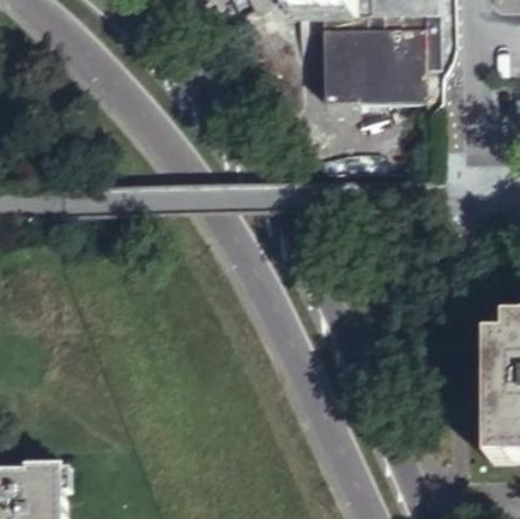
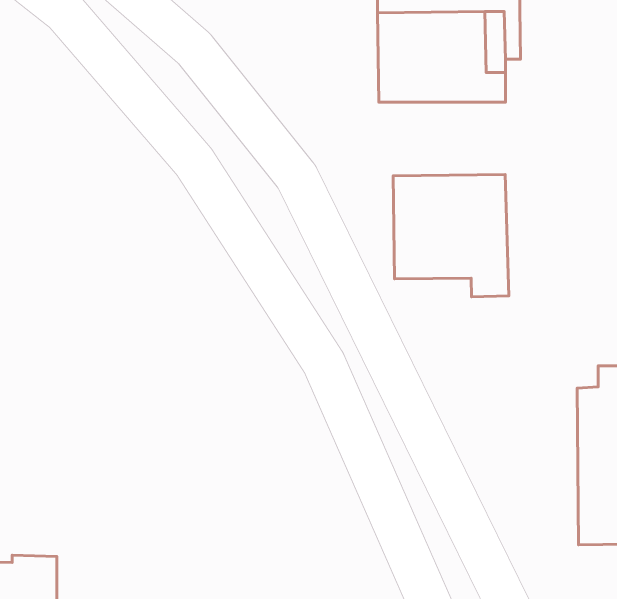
building: none -> [393,175,509,297]

